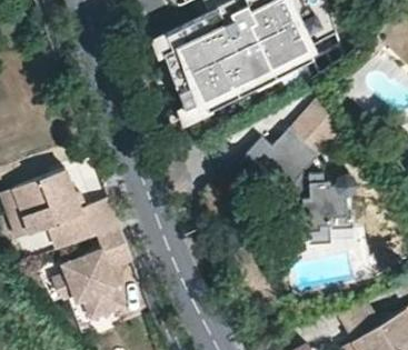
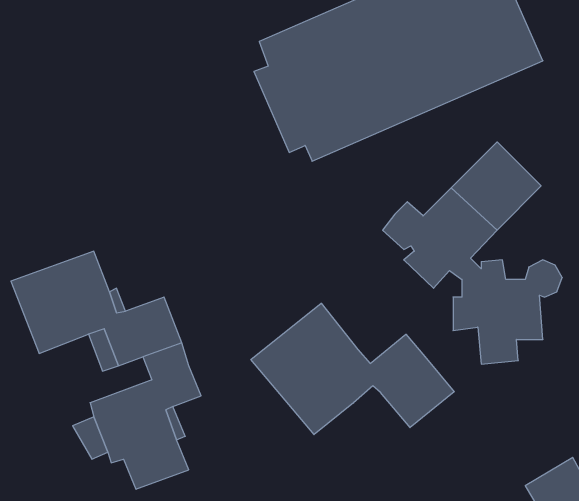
building: none -> [251,303,454,435]

